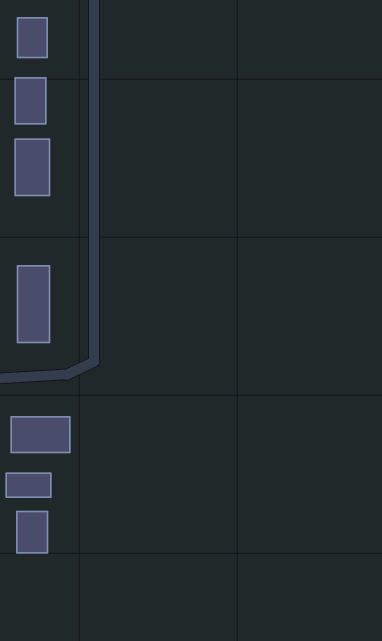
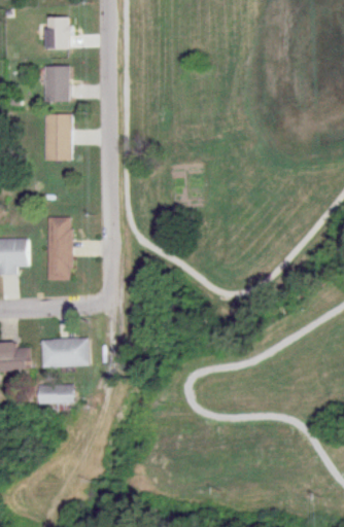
building: [17,512,47,553] -> none

